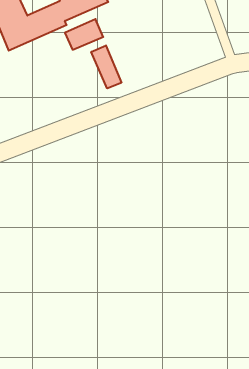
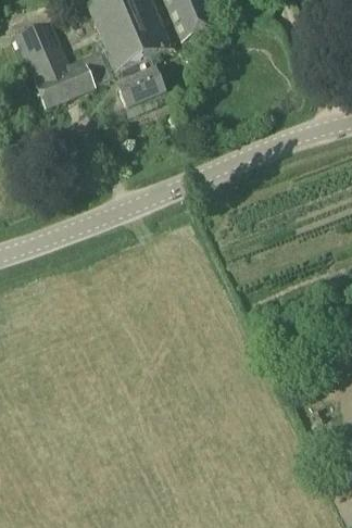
building: [91,45,121,88] -> none

